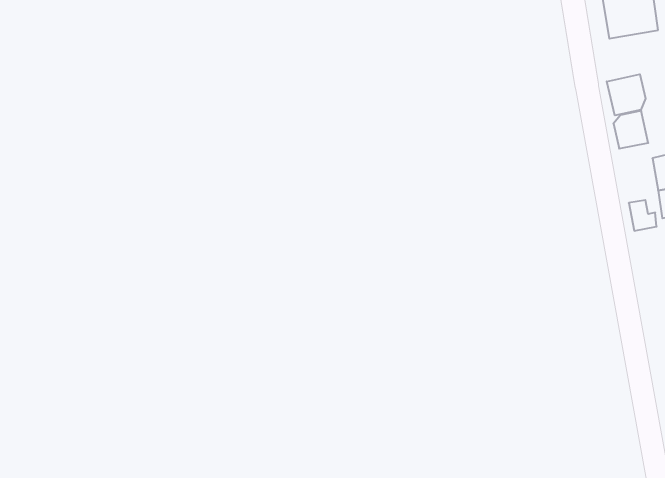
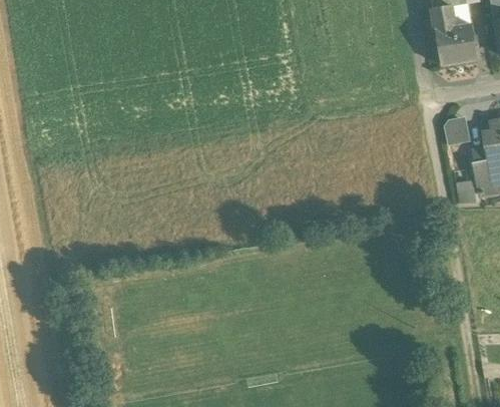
building: [607,74,646,115] -> none

